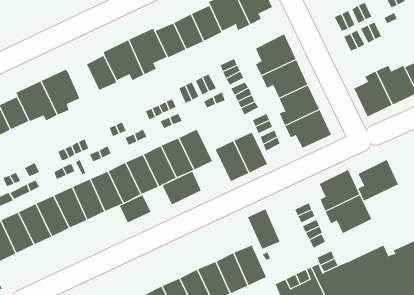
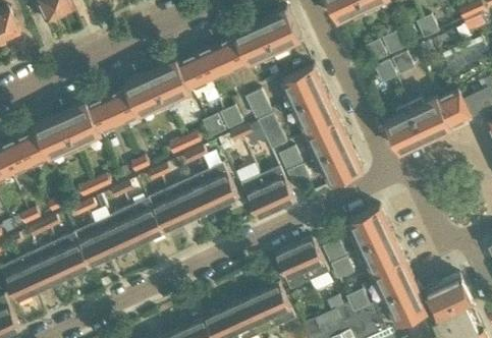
building: none -> [90,97,121,133]
building: [358,159,399,201] -> [374,258,417,301]
building: [162,171,202,205] -> none
building: [119,195,152,224] -> none
building: none -> [294,237,329,281]

